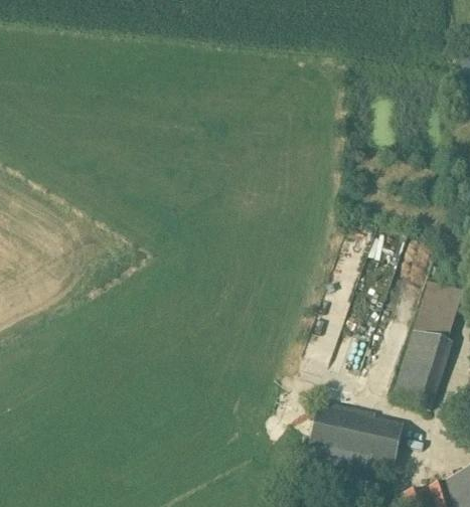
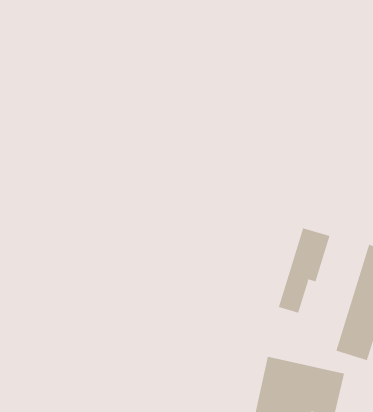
building: none -> [278,227,330,314]

